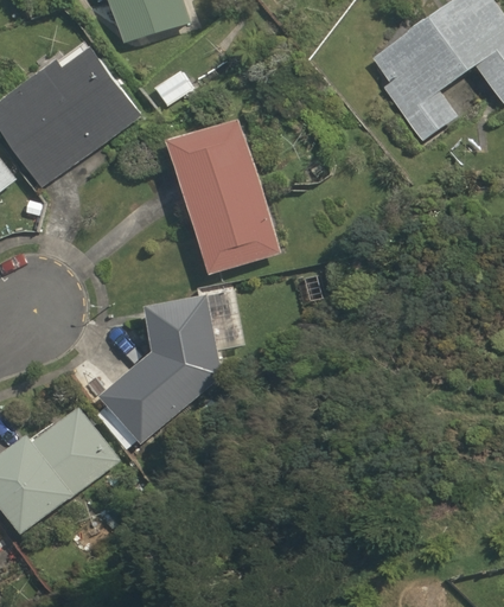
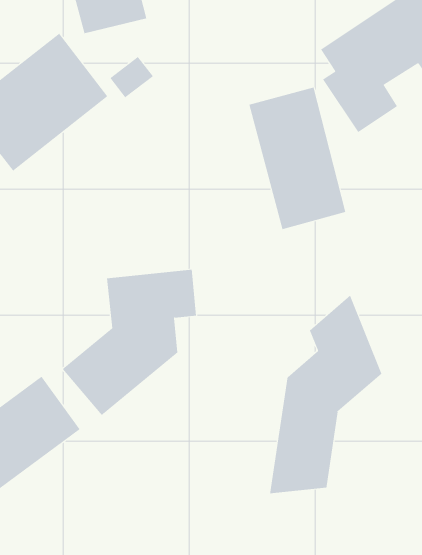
building: [171,124,275,277] -> [249,87,346,230]
building: none -> [269,294,382,494]

